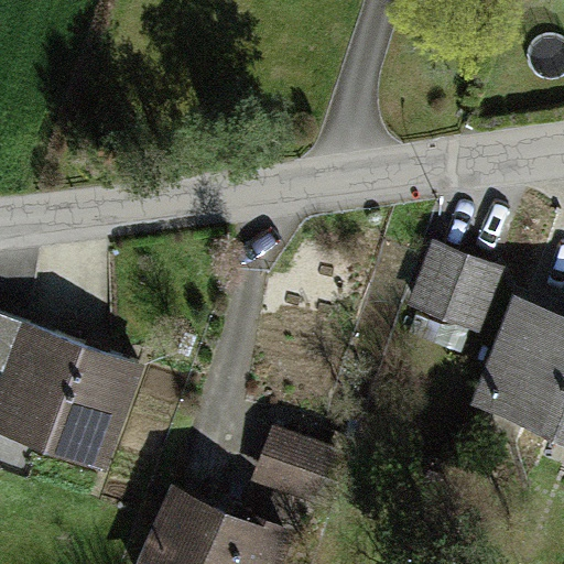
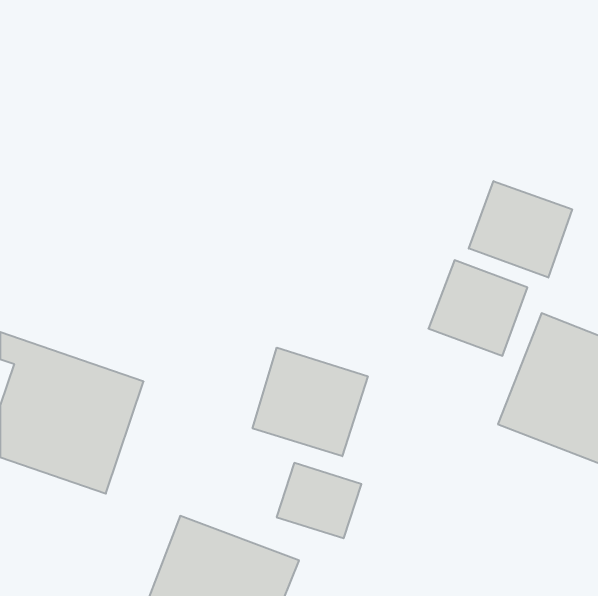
building: none -> [469,181,572,278]
building: none -> [253,348,368,456]

